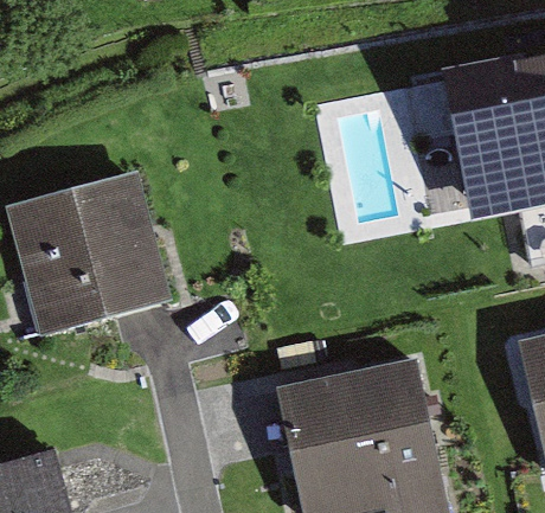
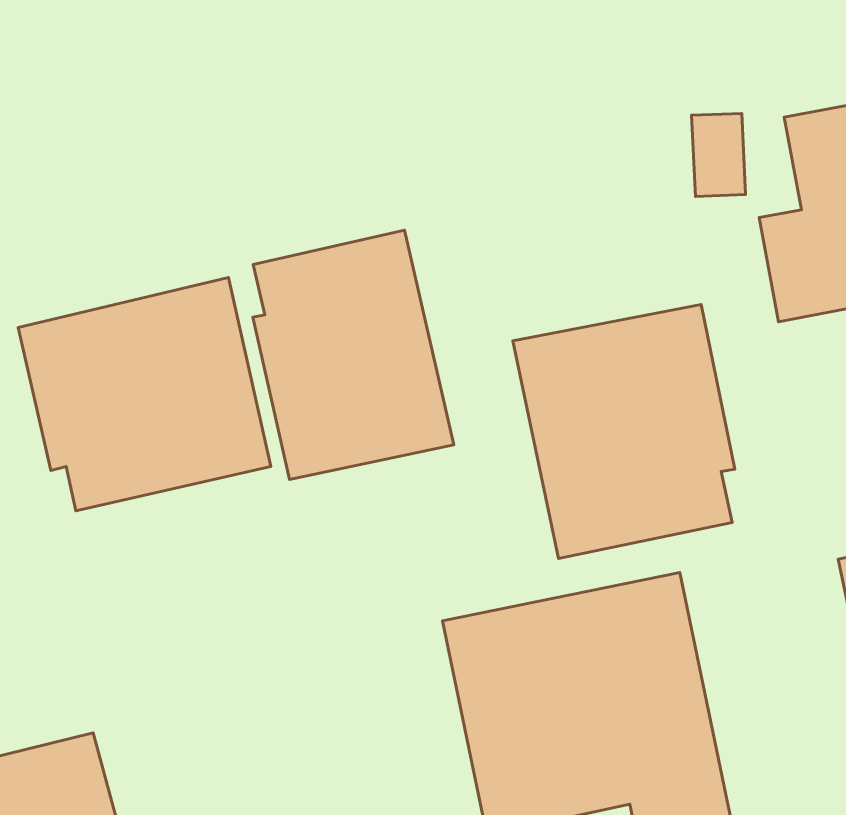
building: none -> [253,230,454,479]
building: none -> [513,304,735,559]

